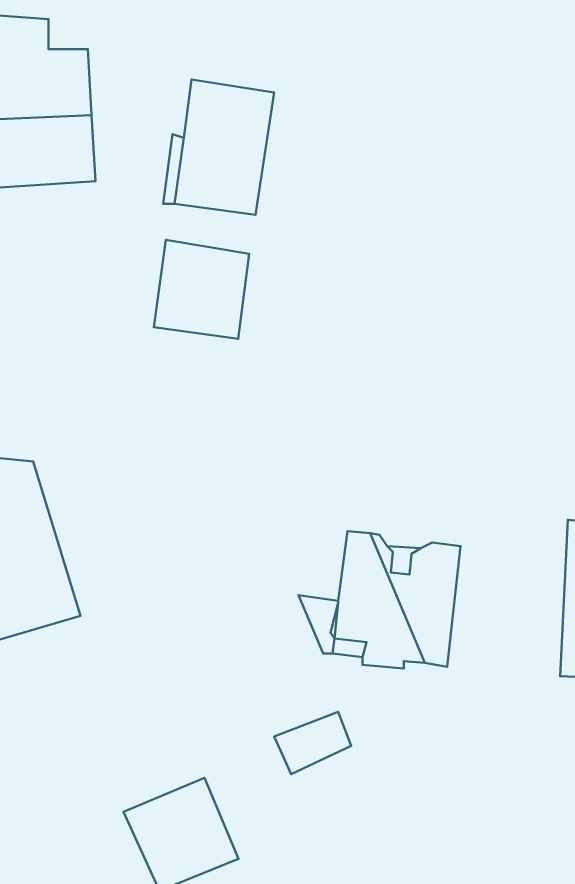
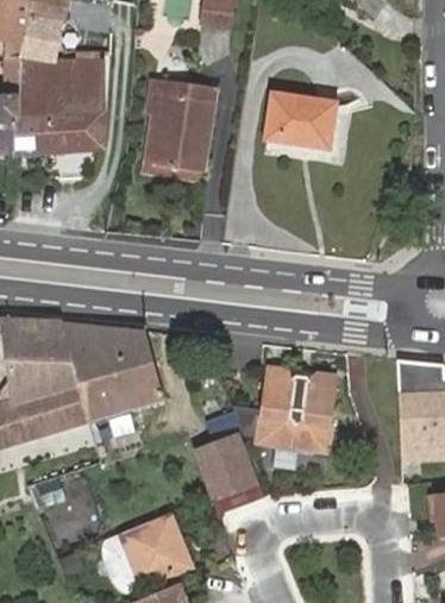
building: none -> [264,92,332,147]
building: [154,240,249,339] -> none
building: none -> [62,322,165,420]
building: none -> [199,439,255,496]

